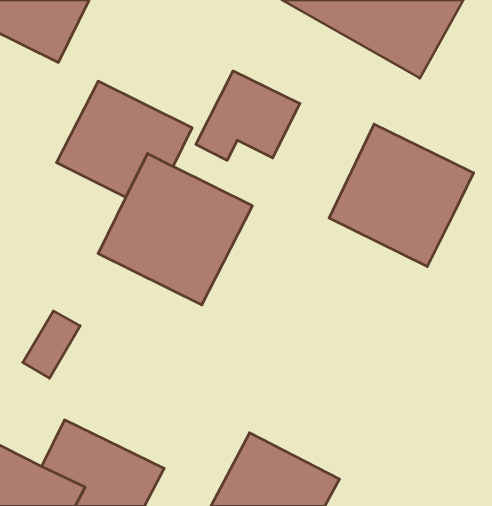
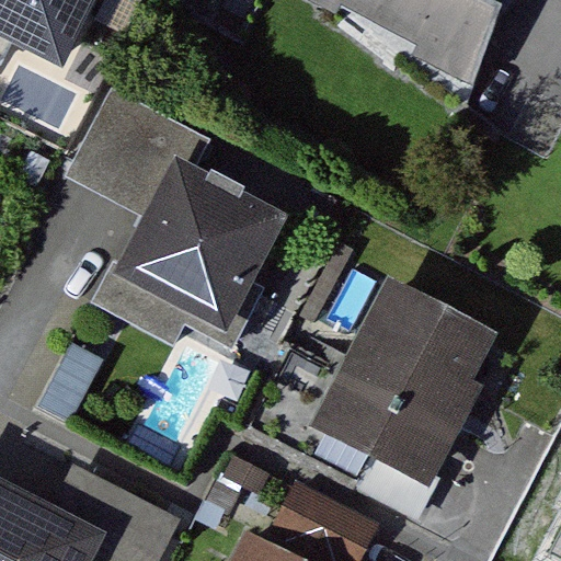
building: [196,71,300,160] -> none
building: [329,124,474,267] -> none
building: none -> [322,278,497,477]

